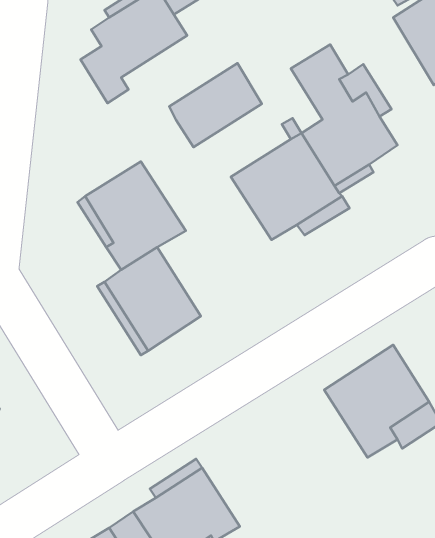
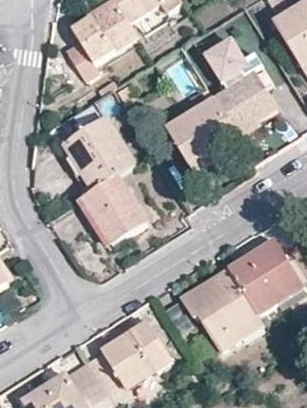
building: [169,63,262,147] -> none
building: none -> [181,268,261,348]

